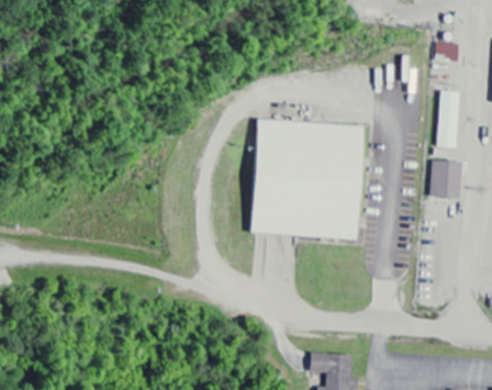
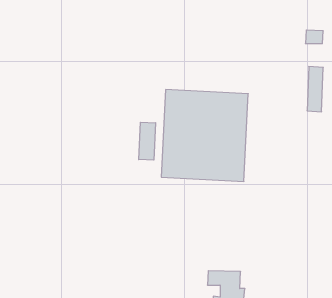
building: [429,160,461,199] -> none
building: none -> [139,122,156,160]

